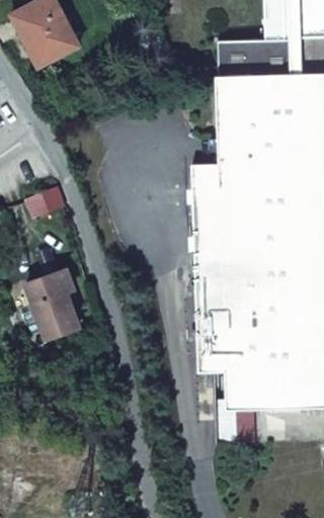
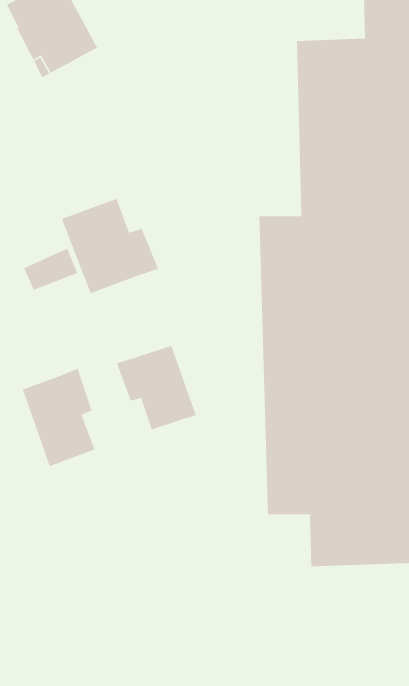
building: none -> [61,198,159,294]
building: none -> [116,345,197,431]

